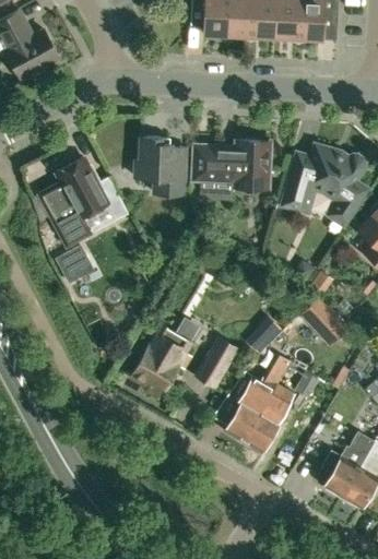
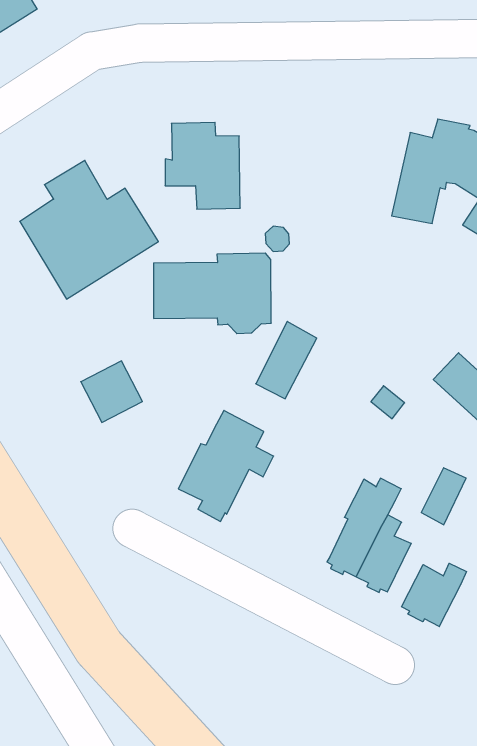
building: [191,141,270,193] -> [154,253,271,334]
building: [54,242,93,282] -> [81,361,142,422]
building: [196,336,237,386] -> [256,321,317,399]
building: none -> [402,563,467,627]

